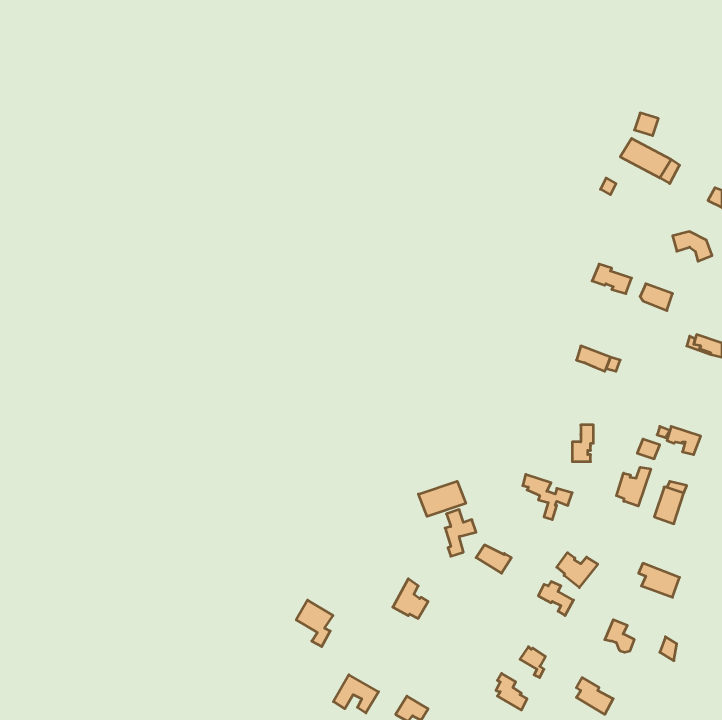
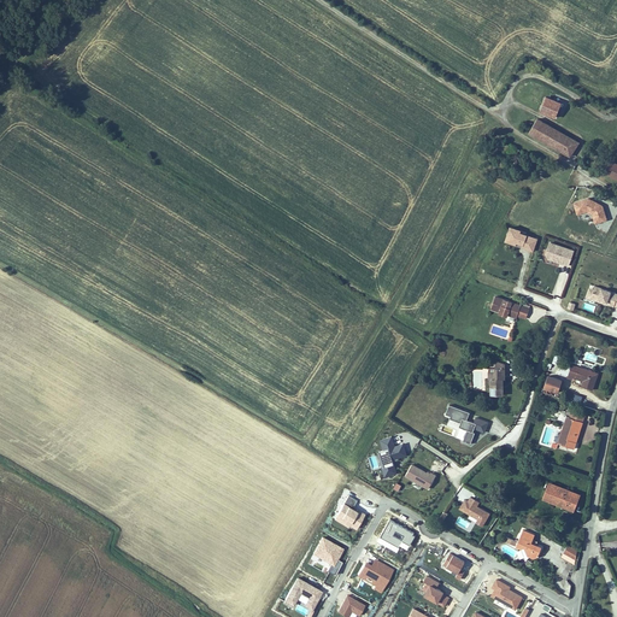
building: [616,467,651,506] -> none
building: [418,481,466,516] -> none
building: [557,553,598,588] -> none
building: [296,600,333,647] -> [313,536,345,576]
building: none -> [381,519,416,547]
building: none -> [358,559,394,593]

